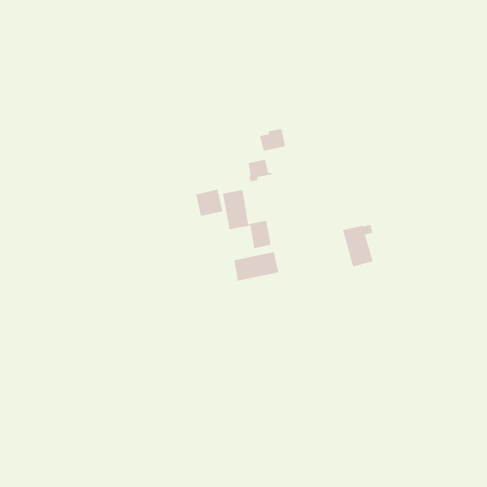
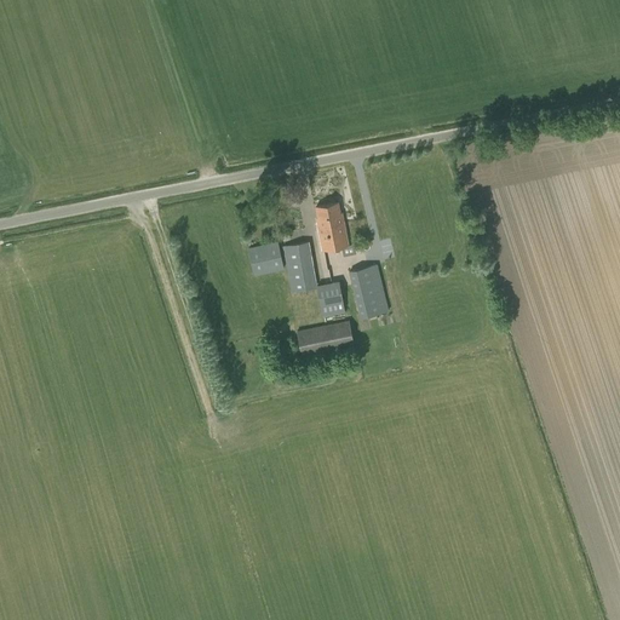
building: [259,128,286,151] -> [317,222,351,251]
building: [342,224,374,267] -> [349,263,389,317]

